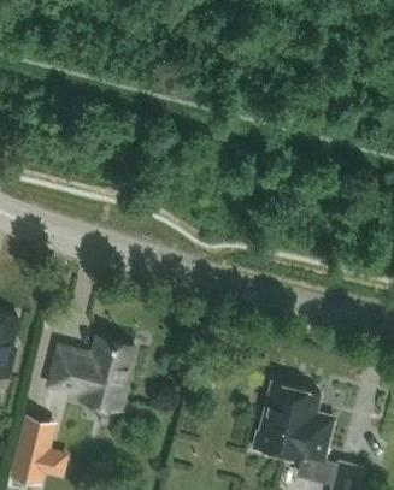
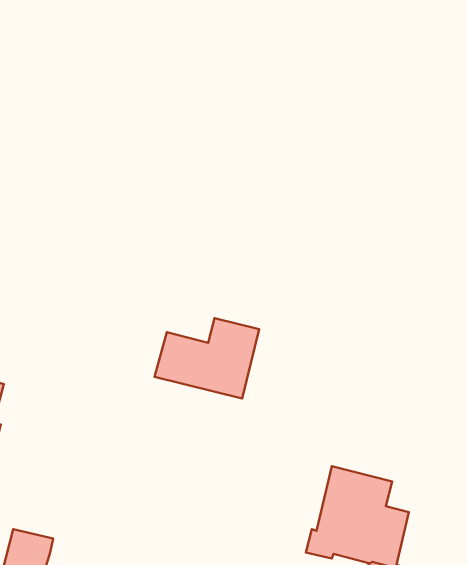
building: [51,338,133,401] -> [154,318,259,398]

